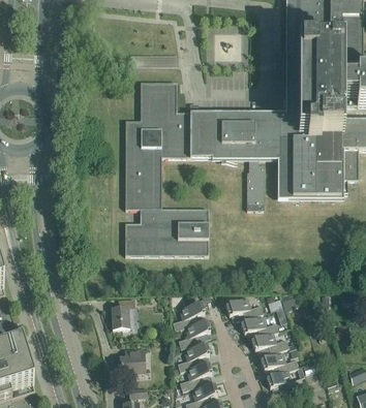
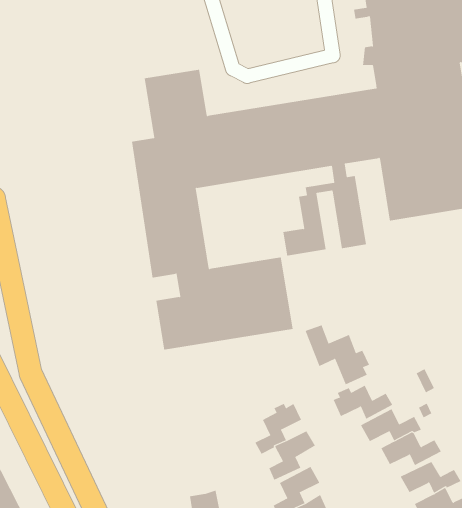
building: none -> [305,325,370,385]
building: [112,299,135,329] -> none

